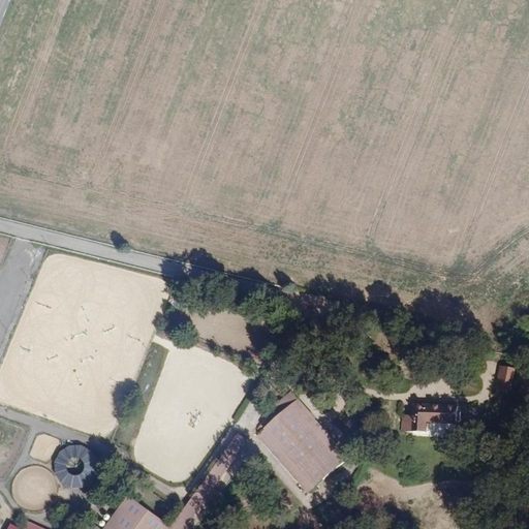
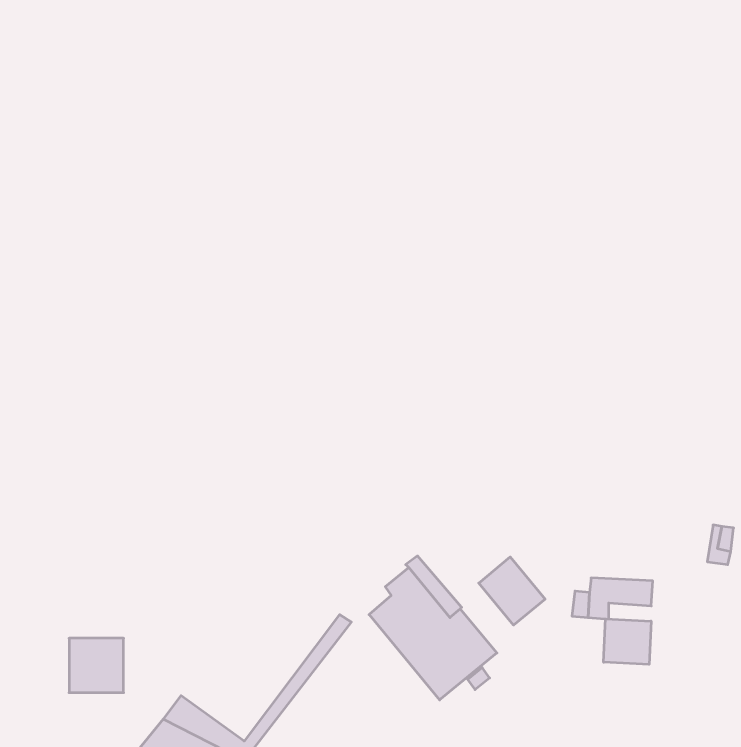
building: none -> [479,557,545,625]
building: none -> [604,619,651,664]

